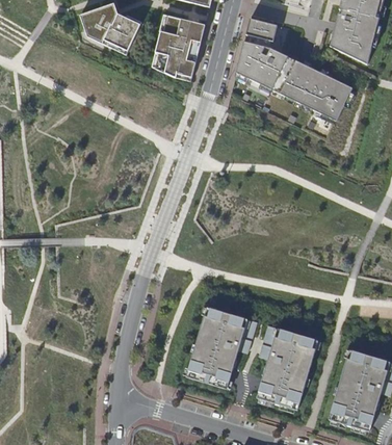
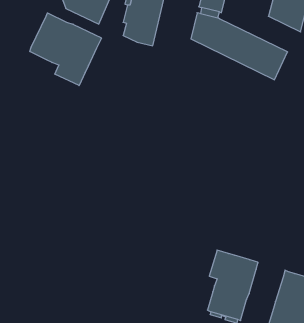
building: none -> [30,13,101,86]
building: [186,307,257,388] -> none

